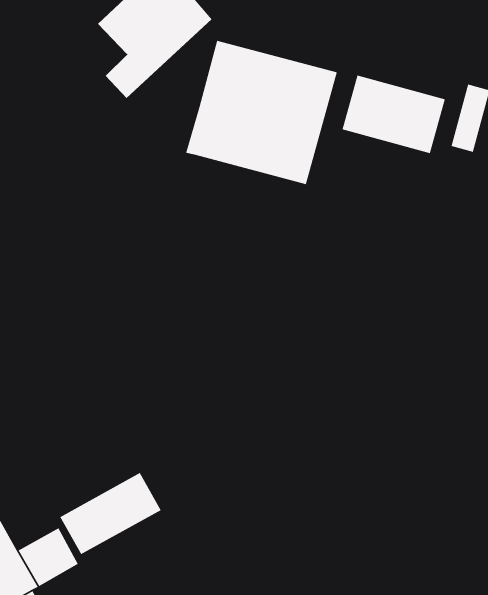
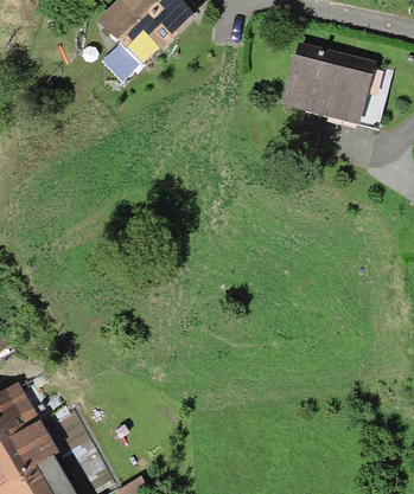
building: [185,40,338,185] -> none
building: [59,472,162,555] -> none

